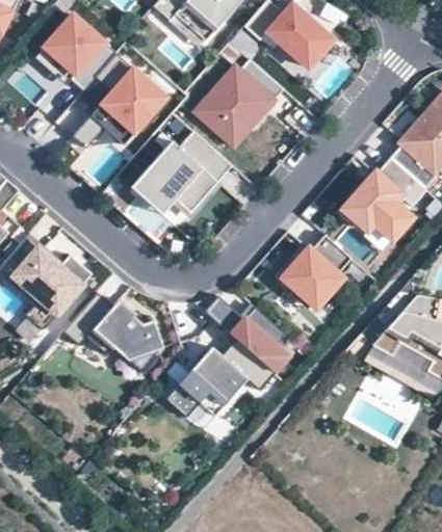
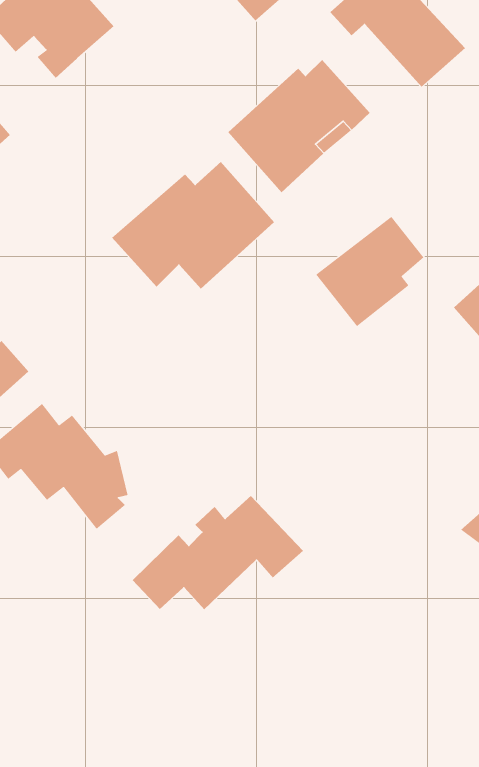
building: [72,54,164,149] -> none
building: [281,233,348,305] -> [315,216,424,327]
building: [206,297,286,370] -> none

